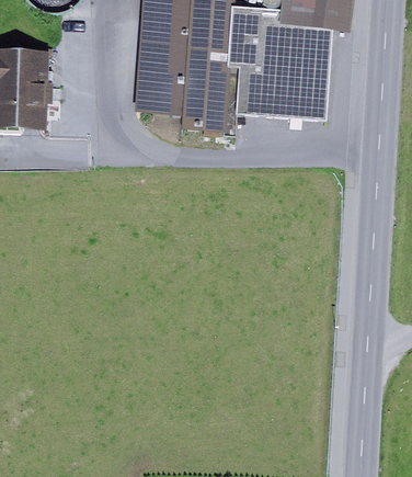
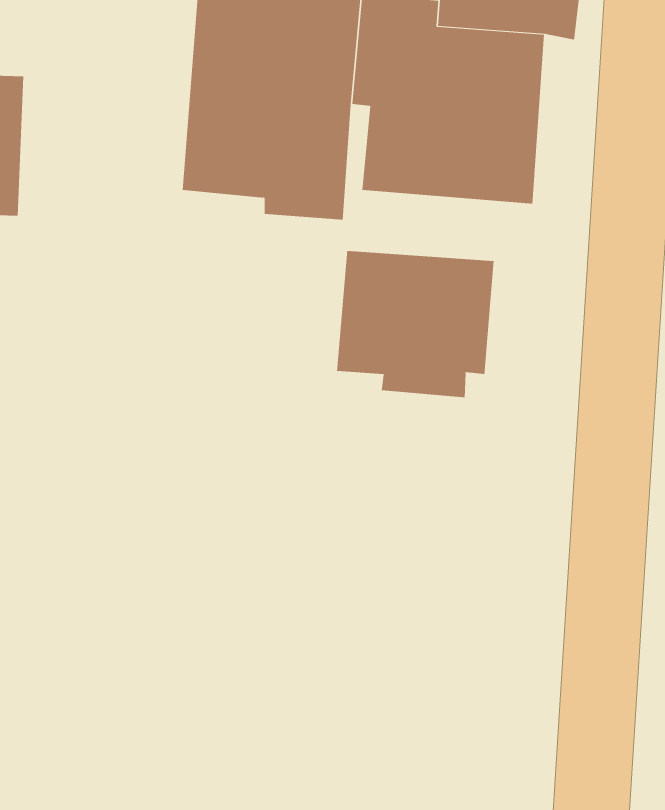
building: none -> [337,250,494,398]

